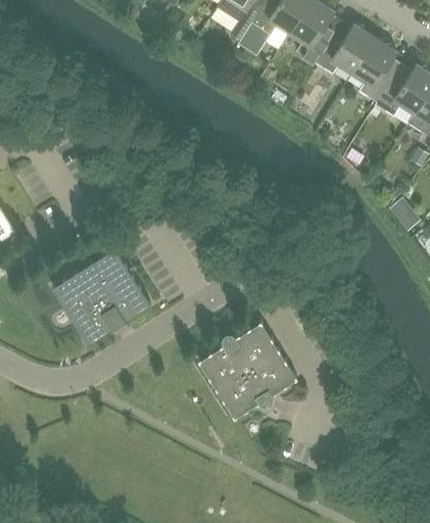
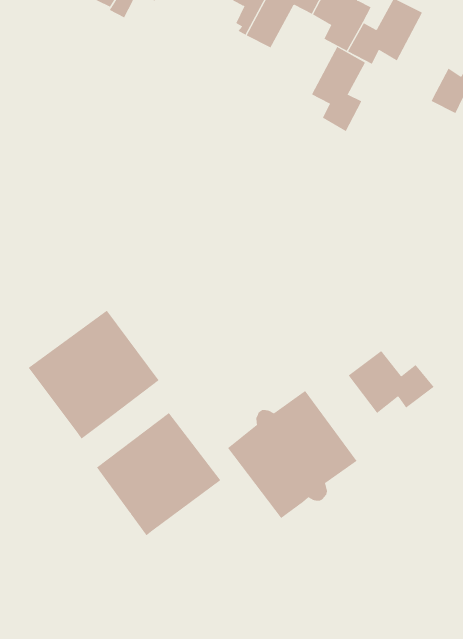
building: [352,39,396,105] -> [311,46,366,132]
building: none -> [348,350,435,414]
building: none -> [96,412,221,536]

